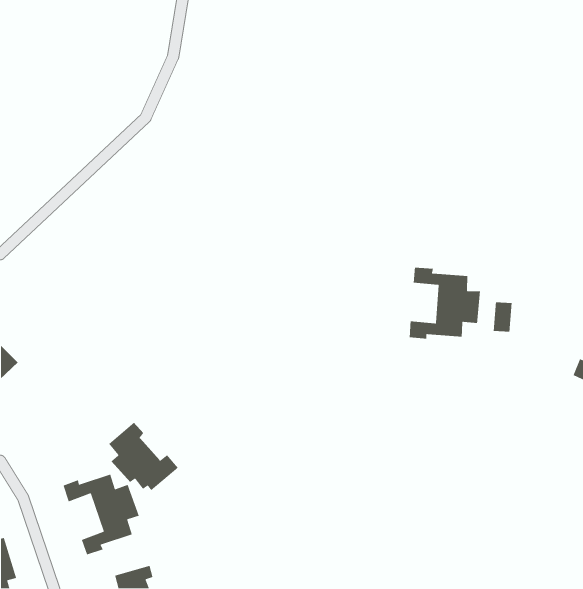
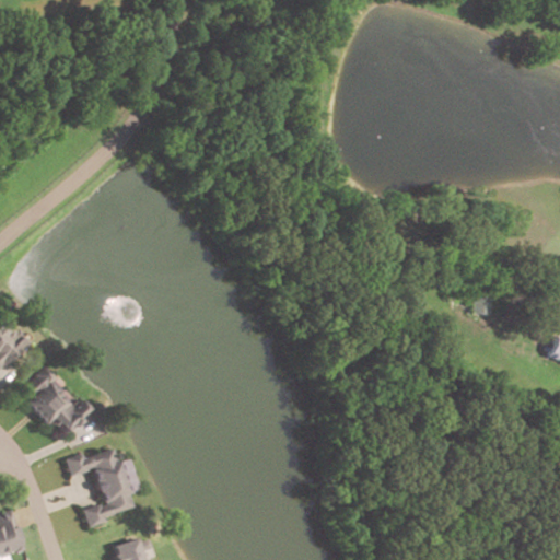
building: [409,267,481,340] -> none
building: [108,422,179,491] -> [22,366,89,432]

